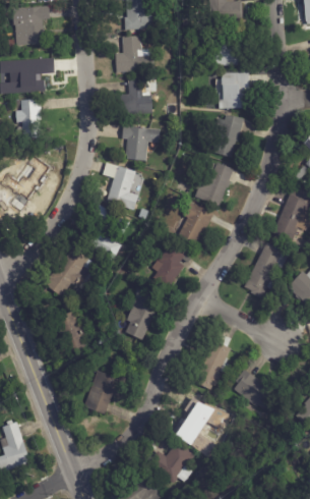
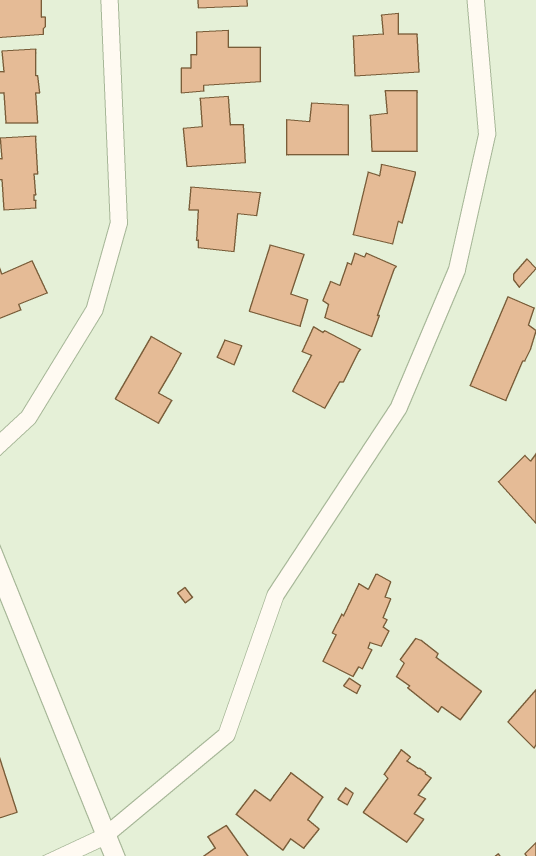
building: none -> [287,103,348,155]
building: [107,165,138,209] -> [249,245,308,326]
building: [153,241,191,287] -> none
building: [244,241,289,298] -> none
building: [45,246,96,296] -> none
building: [126,291,161,339] -> none
building: [55,311,90,351] -> none
building: [84,370,123,414] -> none
building: [174,396,210,446] -> [363,750,431,842]

